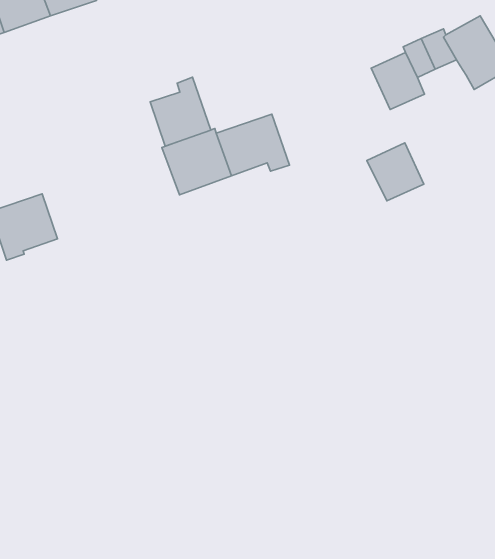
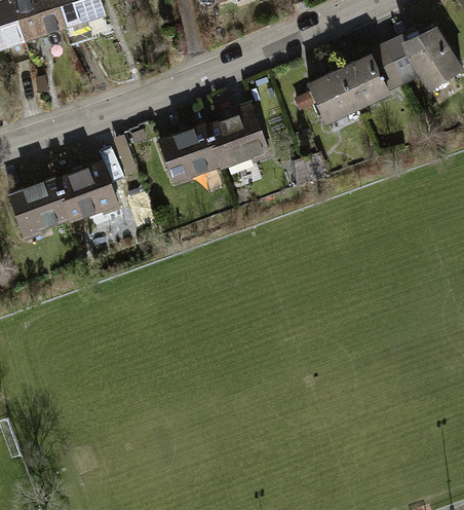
building: [150,77,211,146] -> none
building: [367,143,424,201] -> [308,71,357,121]
building: none -> [55,163,119,219]

